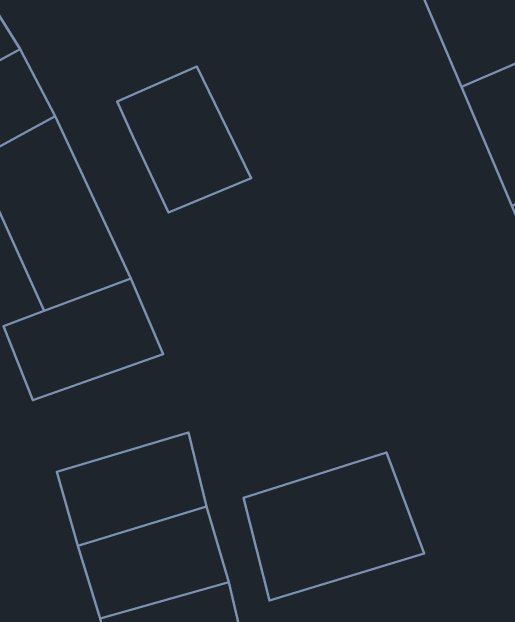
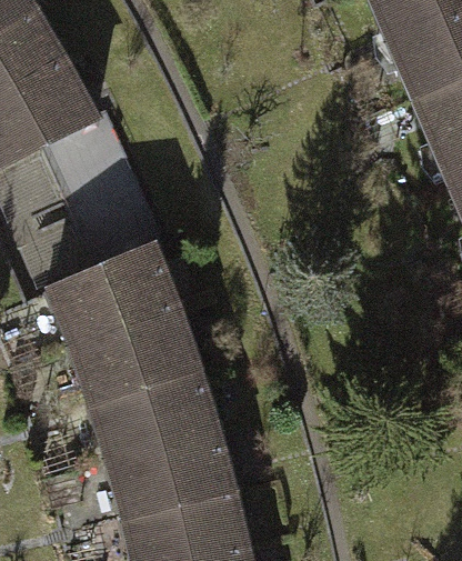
building: [117,66,251,213] -> none
building: none -> [73,307,197,400]
building: [243,452,424,601] -> none

